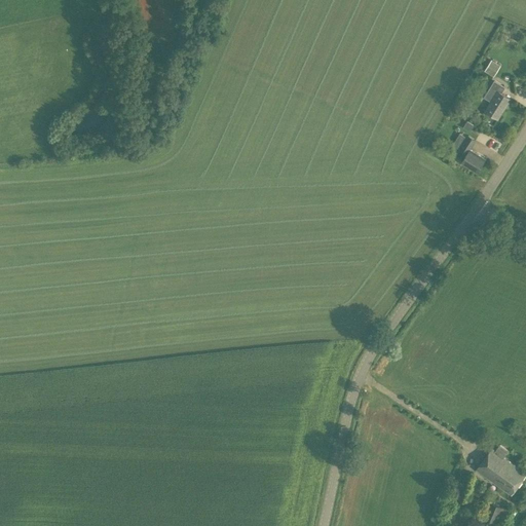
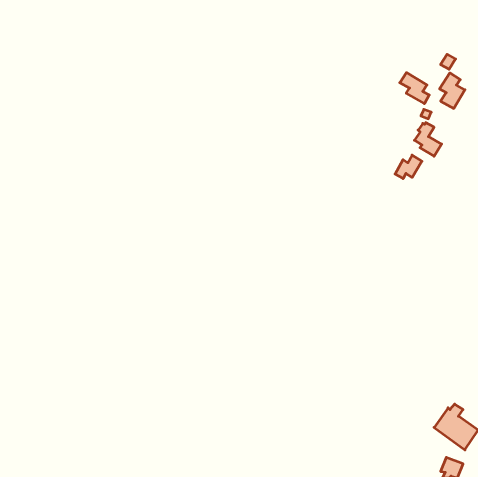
building: none -> [400,73,429,104]
building: none -> [395,155,422,179]

